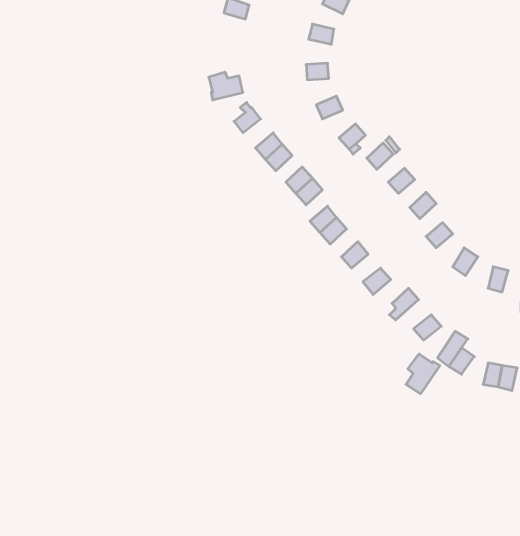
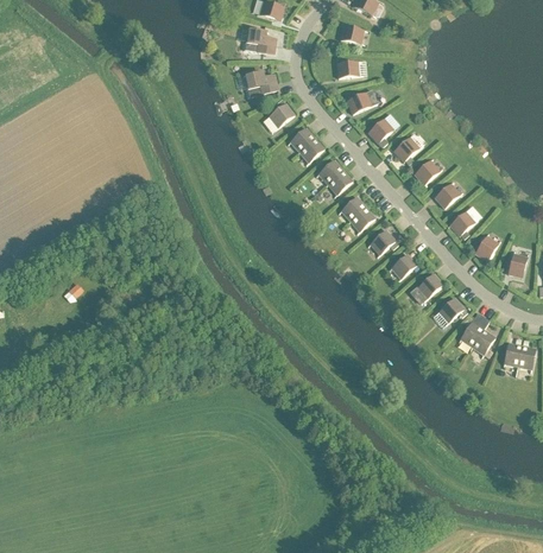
building: none -> [241,28,276,53]
building: [406,354,440,394] -> none

